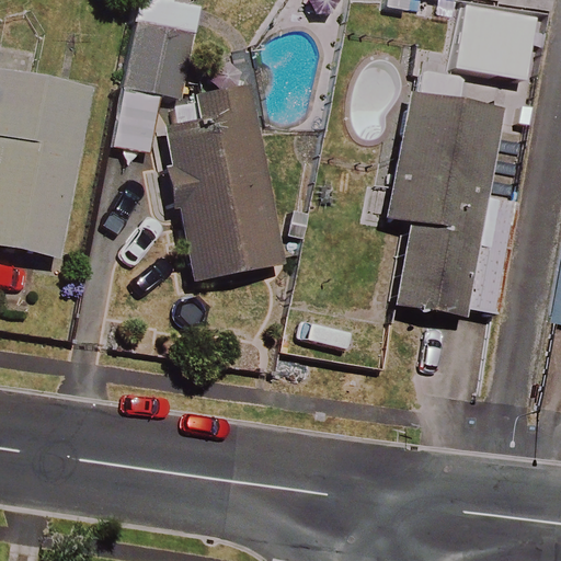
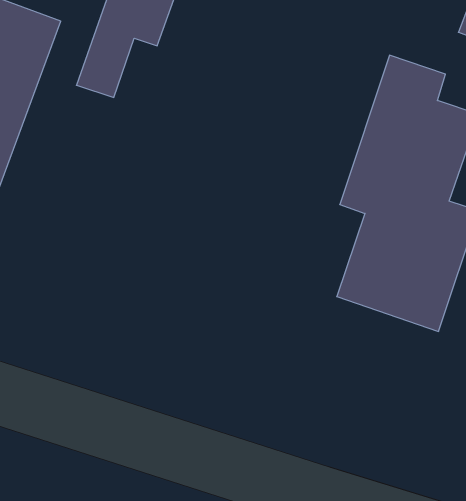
building: [167,89,282,279] -> none

